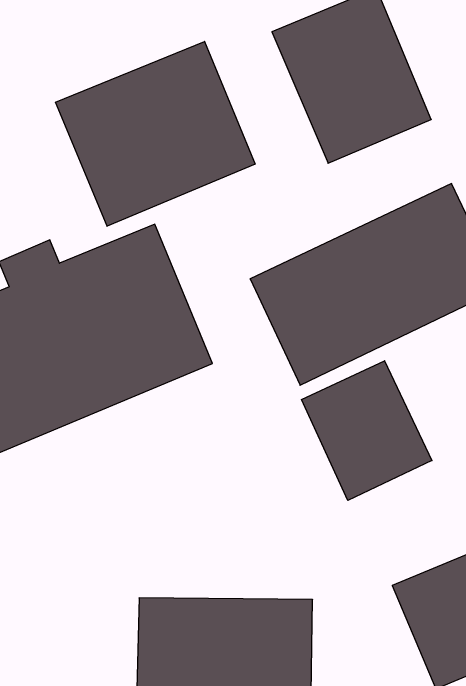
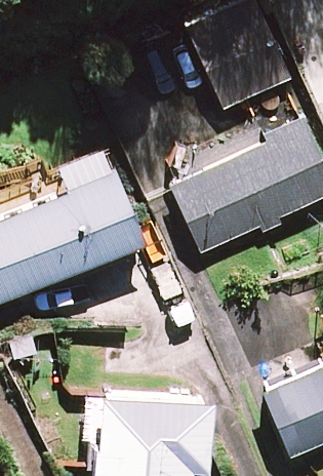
building: [55,41,255,226] -> none
building: [301,361,432,500] -> none

